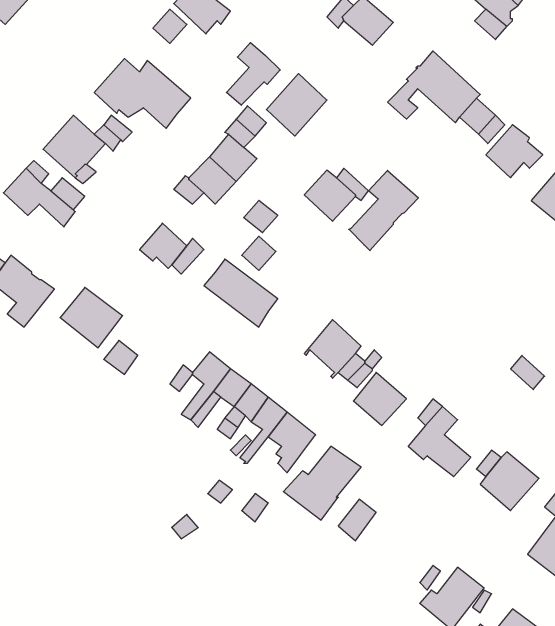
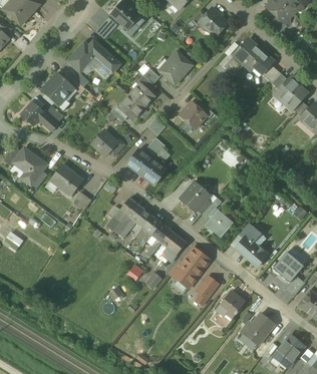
building: [226,43,280,105] -> none
building: [349,170,418,251] -> none
building: none -> [216,290,245,316]

